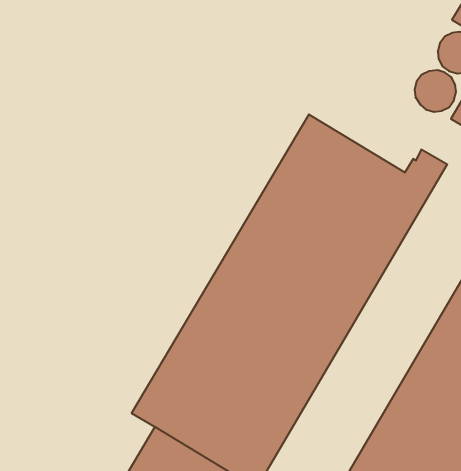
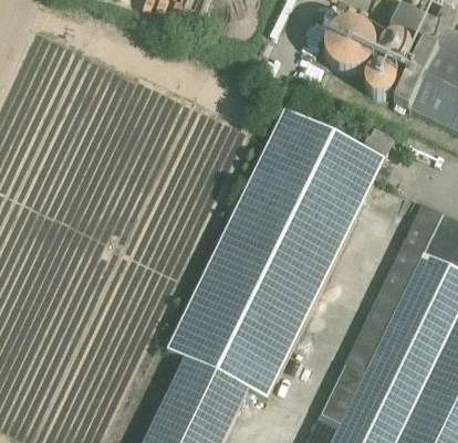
building: none -> [324,21,376,73]

